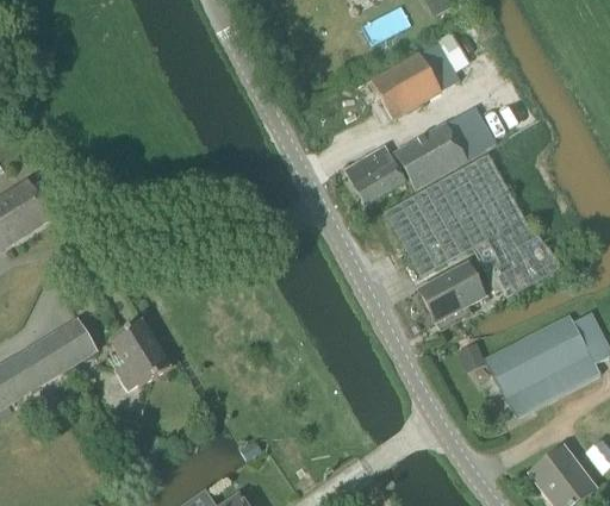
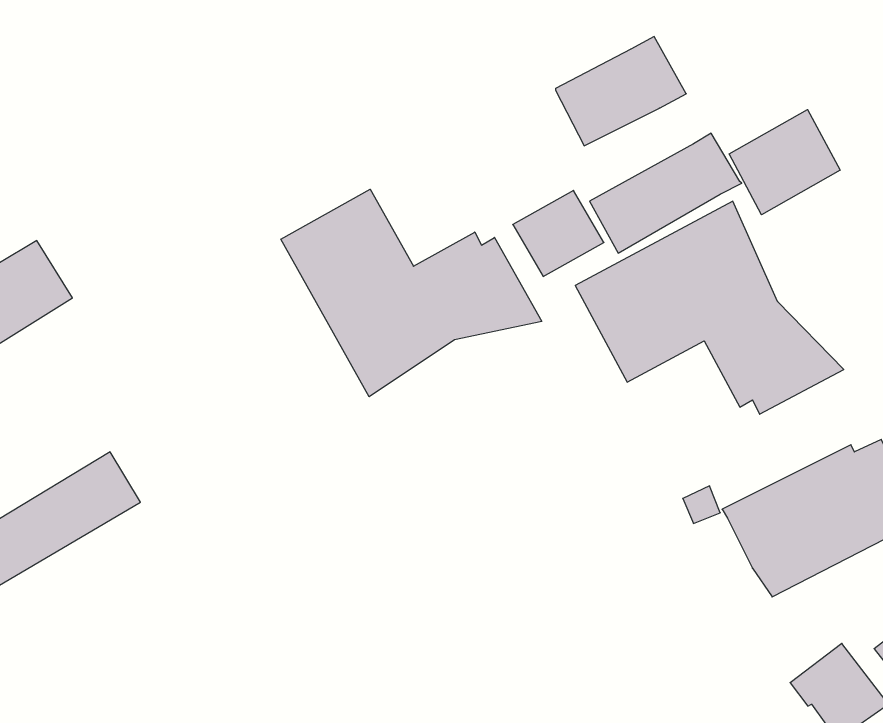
building: none -> [729,110,840,215]
building: none -> [281,189,542,397]
building: [418,264,483,320] -> none
building: [108,318,170,391] -> none

